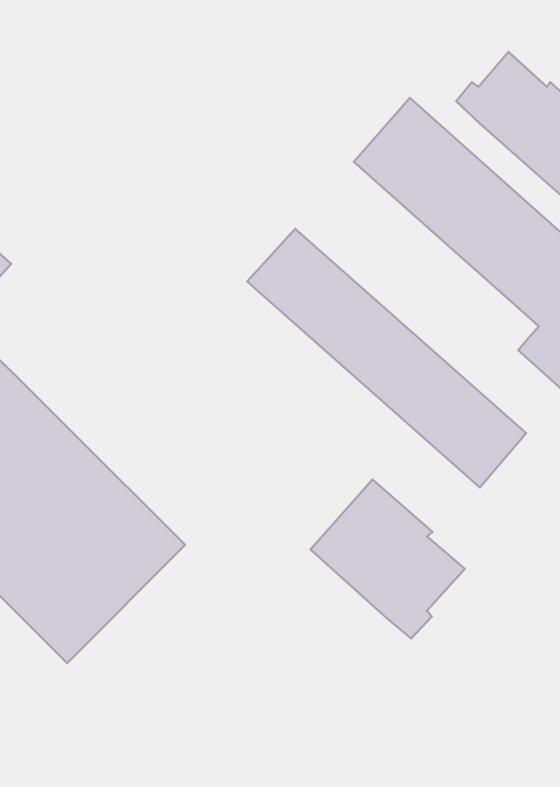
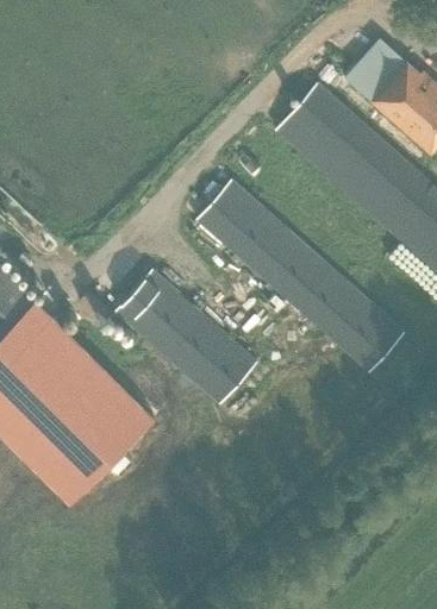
building: none -> [114,268,257,403]
building: [310,479,465,639] -> none

